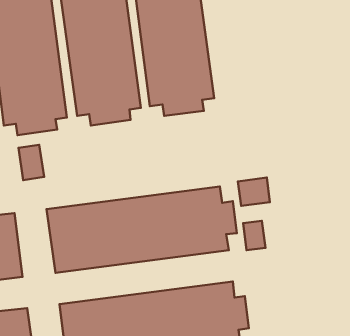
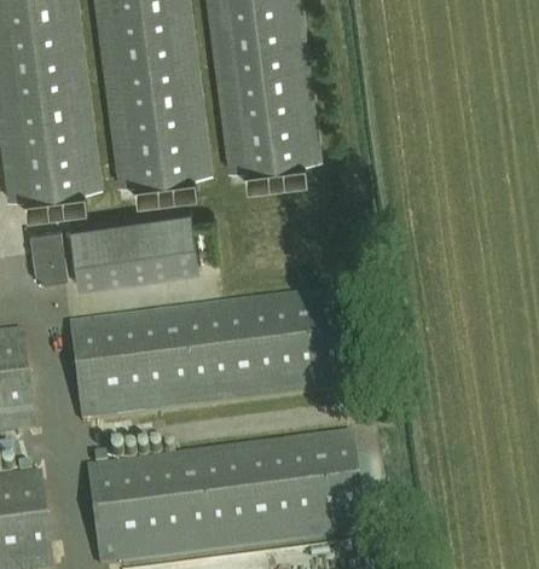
building: none -> [69,208,198,286]
building: [238,178,270,206] -> none
building: [243,221,265,250] -> none

